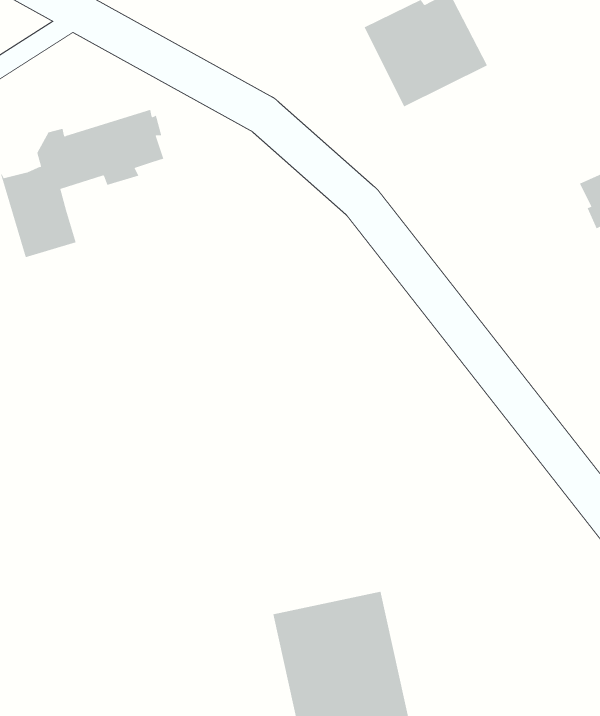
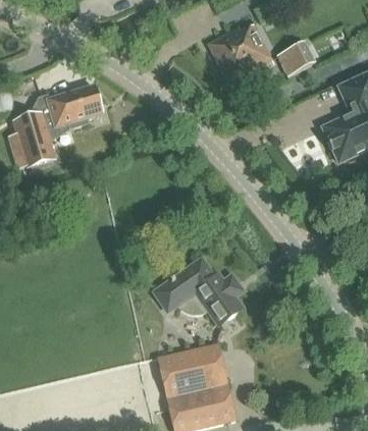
building: none -> [277,40,314,73]
building: none -> [160,257,243,324]

